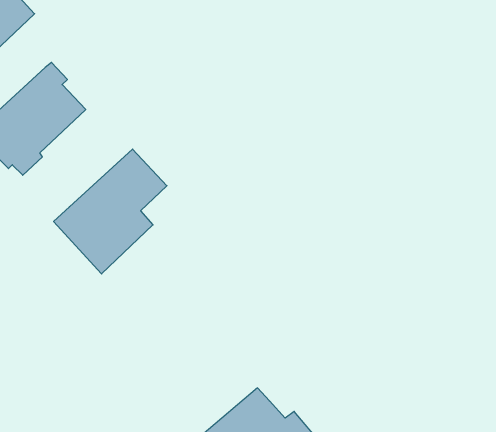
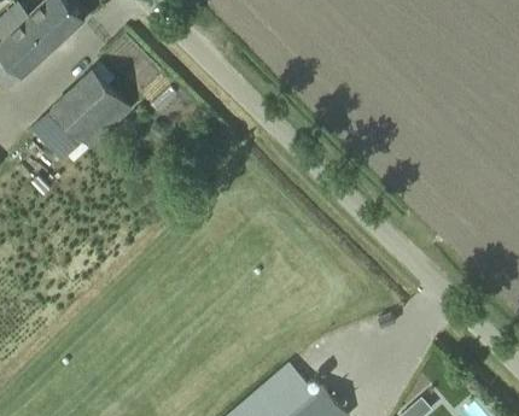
building: [54,149,167,274] -> none

